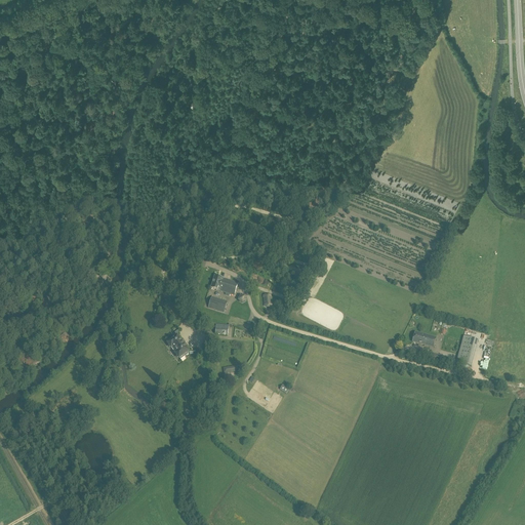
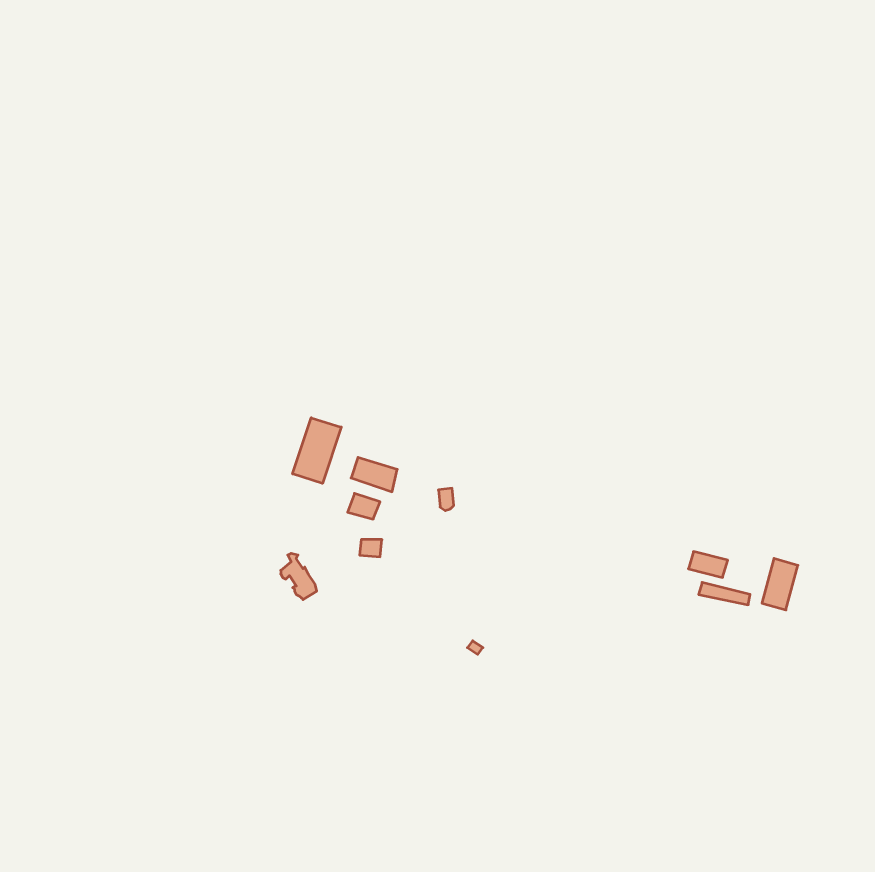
building: none -> [293,418,341,483]

